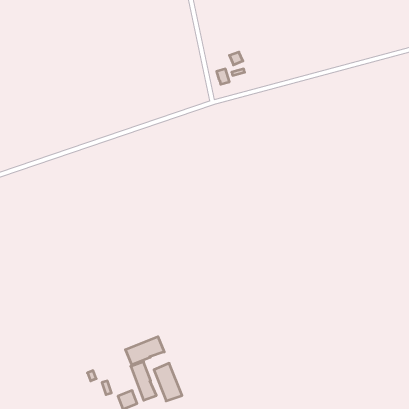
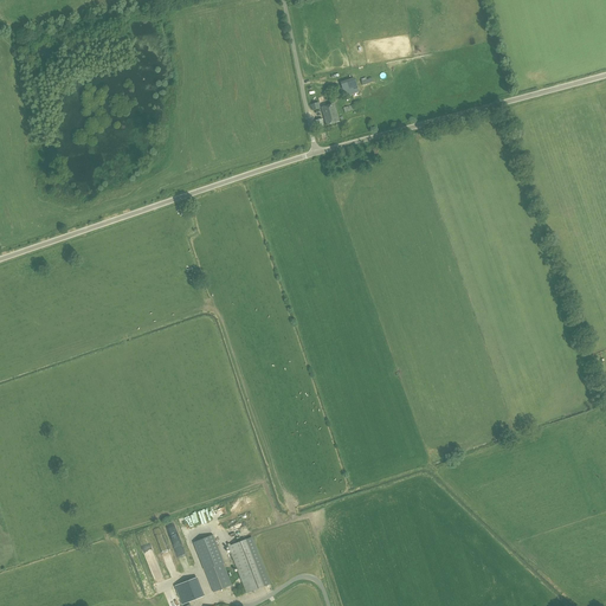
building: [125,337,164,365] -> none

